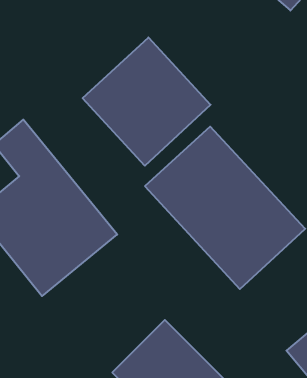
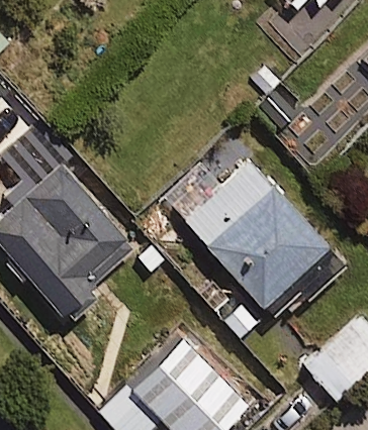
building: [83,37,211,166] -> none

